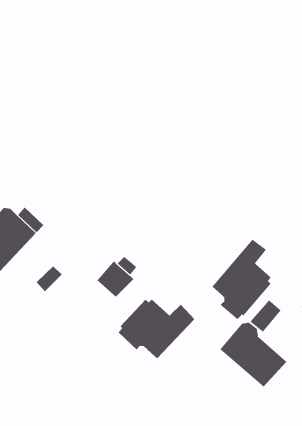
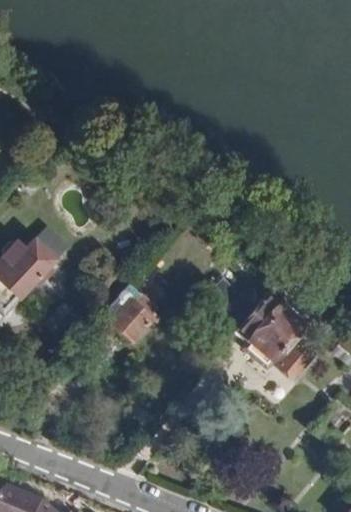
building: [118,299,195,359] -> none
building: [219,322,287,387] -> none

